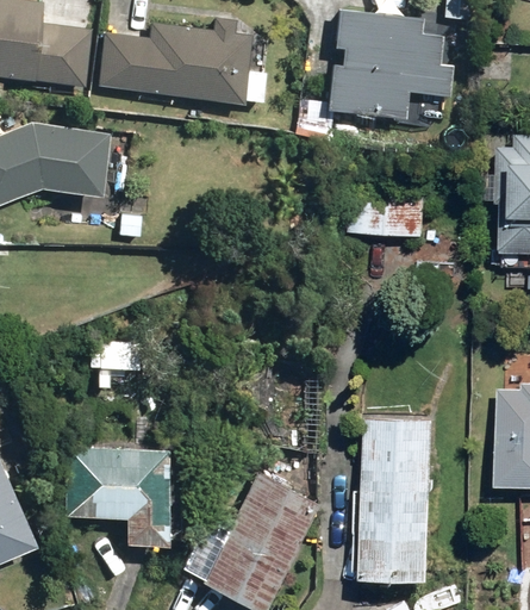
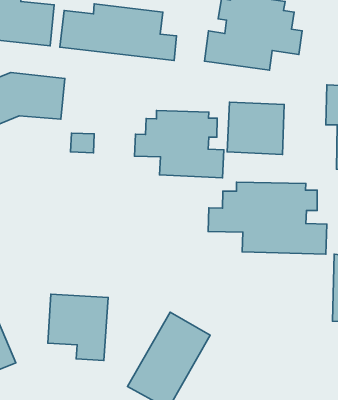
building: none -> [134,111,224,178]
building: none -> [208,182,327,254]
building: [362,415,432,579] -> none

